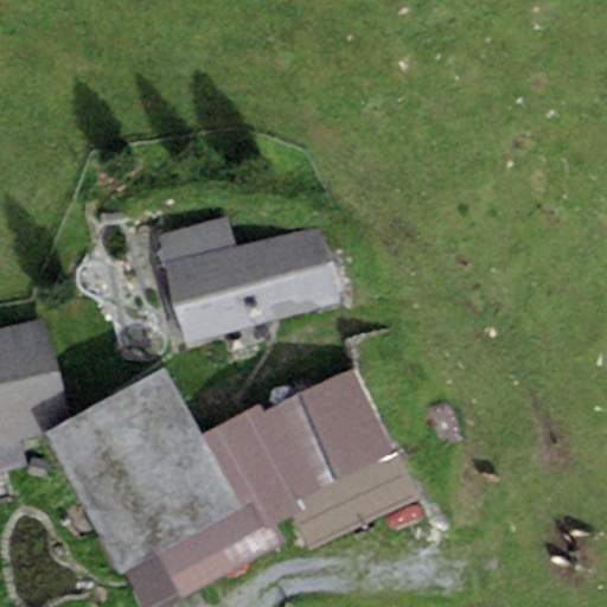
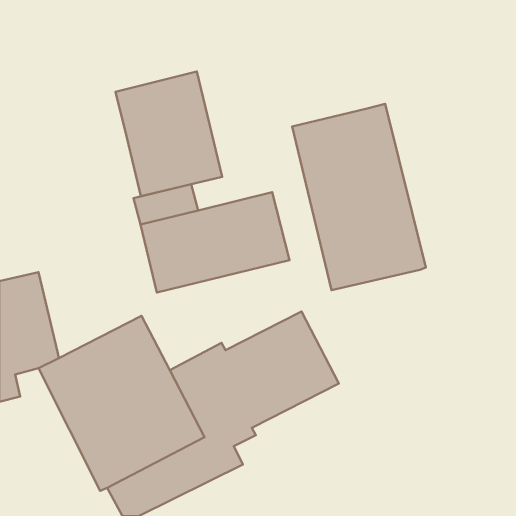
building: none -> [116,72,222,196]
building: none -> [292,104,426,290]

